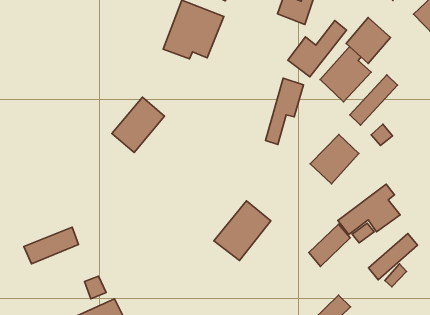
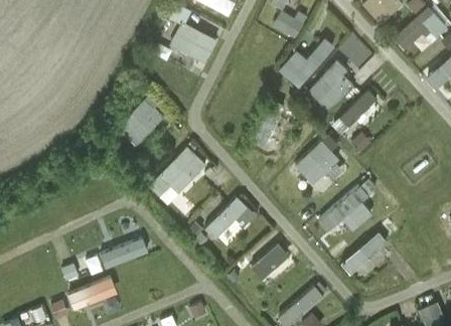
building: none -> [148,145,208,205]
building: [309,224,350,266] -> [251,242,289,280]
building: [24,227,79,264] -> [100,237,149,269]

